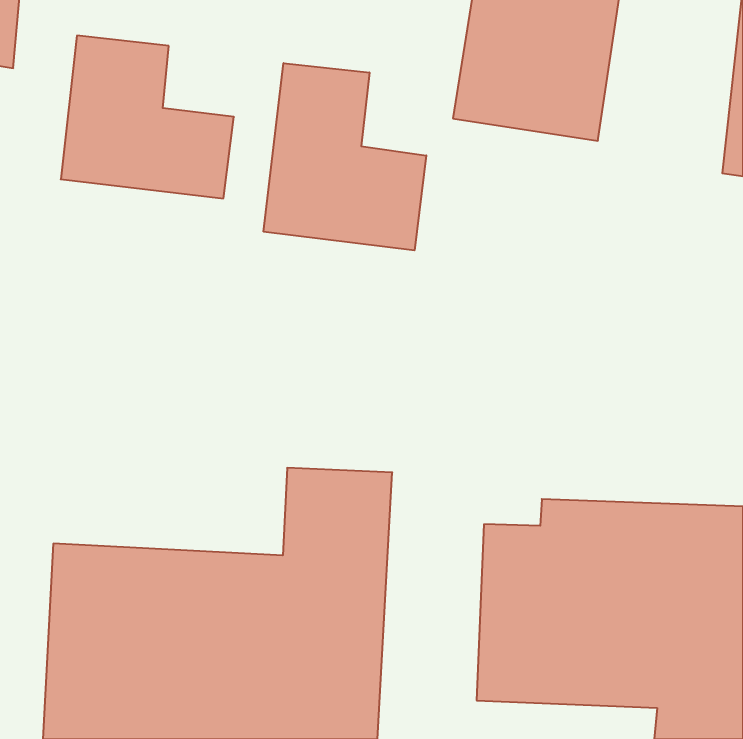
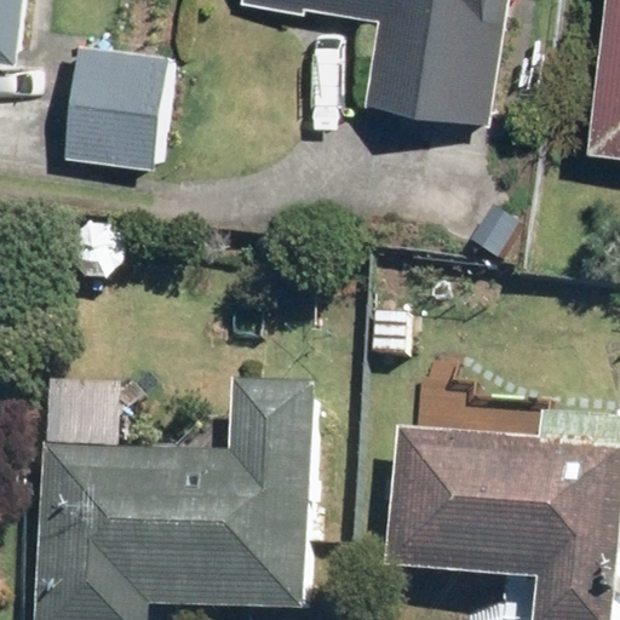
building: [264,63,426,250] -> none

